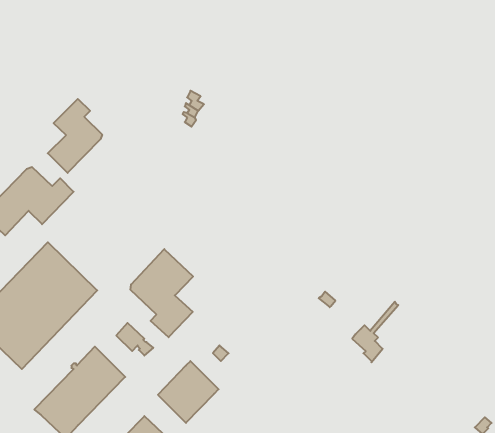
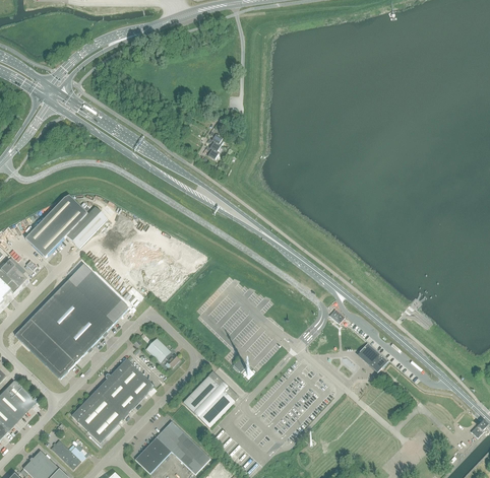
building: [48,99,102,173] -> none
building: [130,249,193,337] -> none

